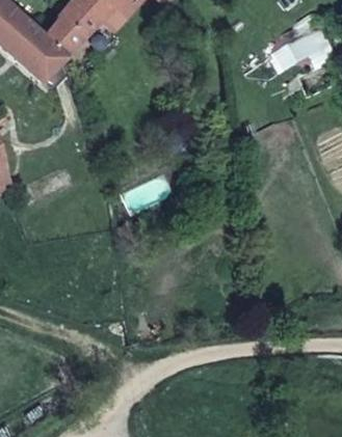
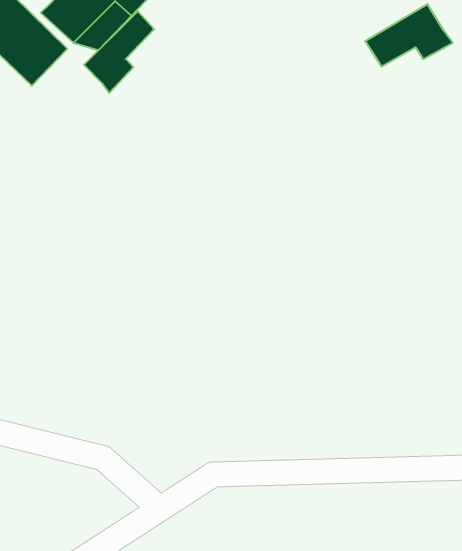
building: none -> [84,11,154,93]

